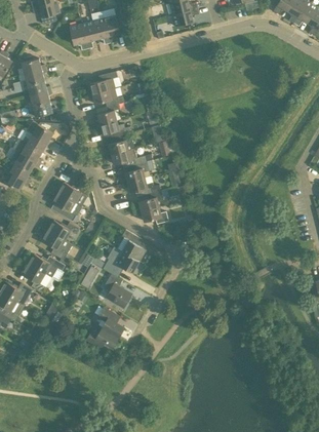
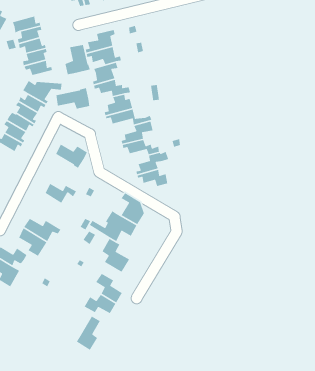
building: none -> [64,44,91,75]
building: none -> [56,87,90,109]
building: [52,192,82,221] -> none
building: [42,230,73,260] -> none
building: none -> [76,315,101,351]

